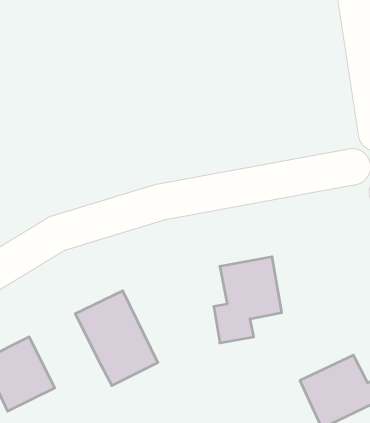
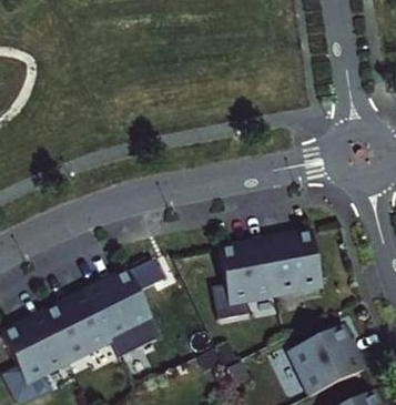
building: none -> [267,233,324,292]
building: none -> [45,293,111,361]

